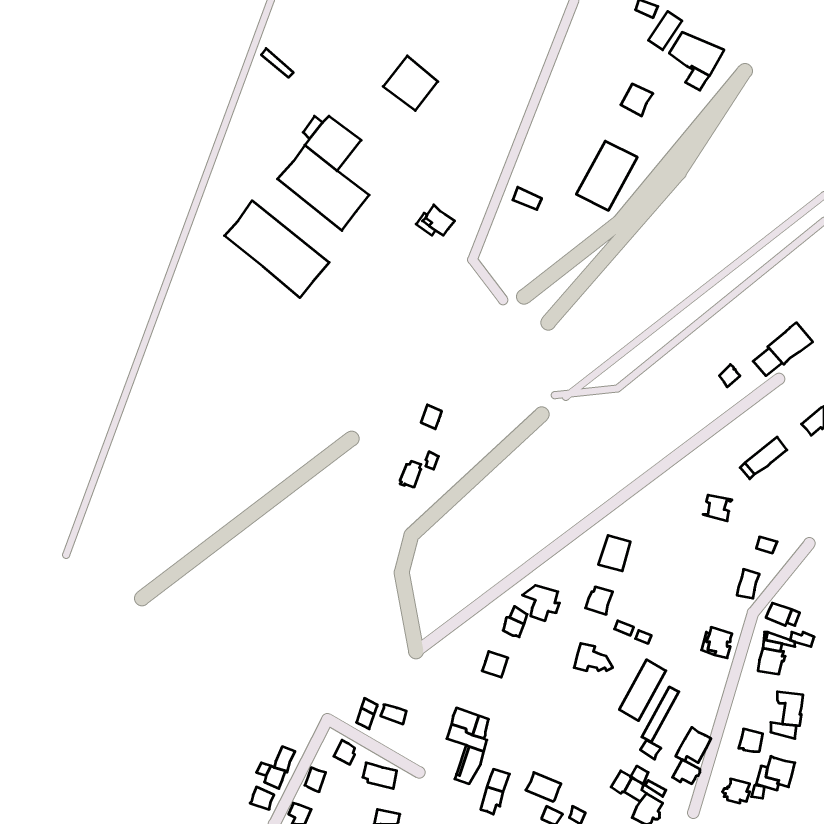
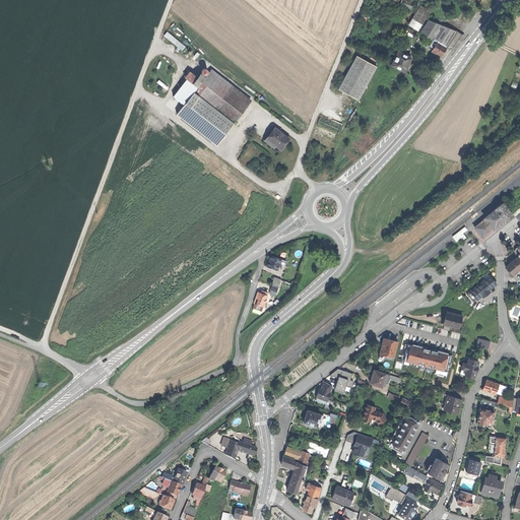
building: [383,56,438,111] -> [212,88,247,123]
building: [576,141,637,210] -> [336,57,375,101]
building: [224,201,329,298] -> none
building: none -> [402,343,452,372]
building: none -> [345,433,373,458]

